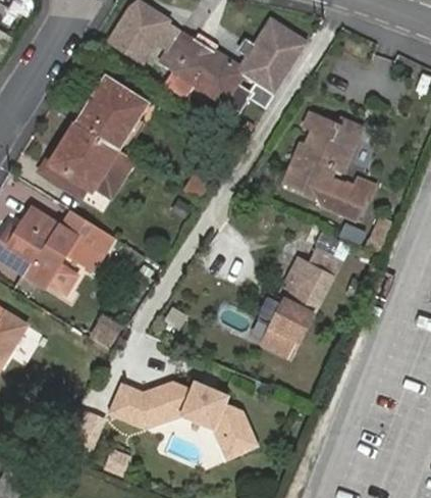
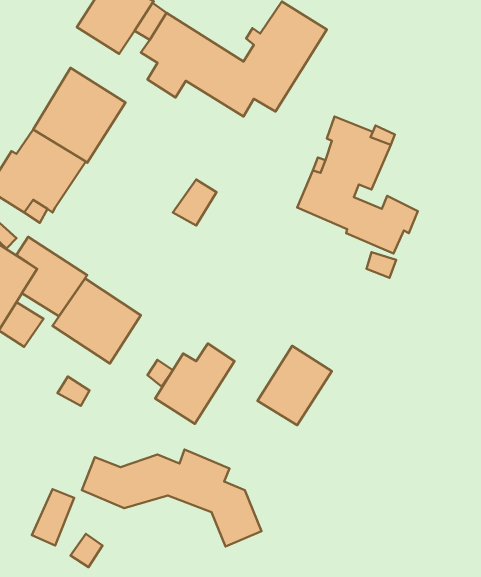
building: [90,149,133,199] -> none
building: none -> [52,278,141,363]
building: [278,252,341,316] -> [155,343,235,424]

